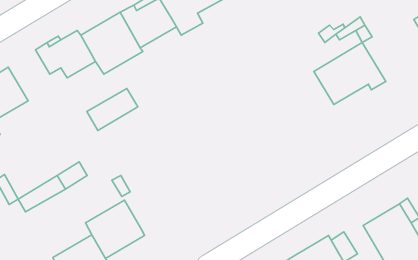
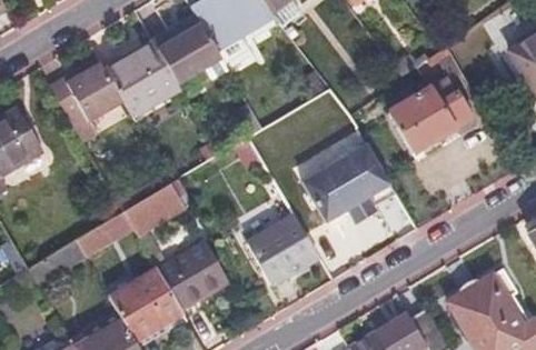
building: [87,89,138,131] -> [121,183,183,234]
building: none -> [301,143,391,223]
building: none -> [244,216,319,290]
building: none -> [157,242,228,309]

